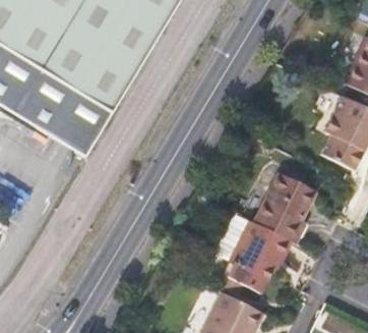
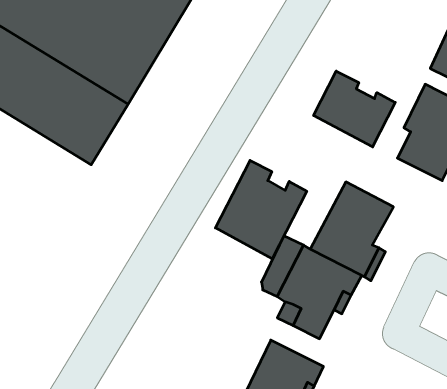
building: none -> [314,71,395,147]
building: none -> [215,160,307,259]

